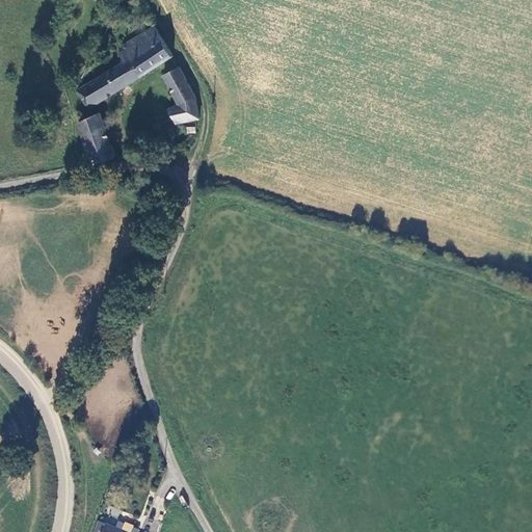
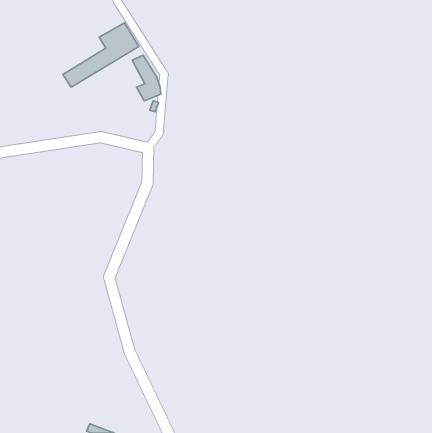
building: [75,112,114,165] -> none

